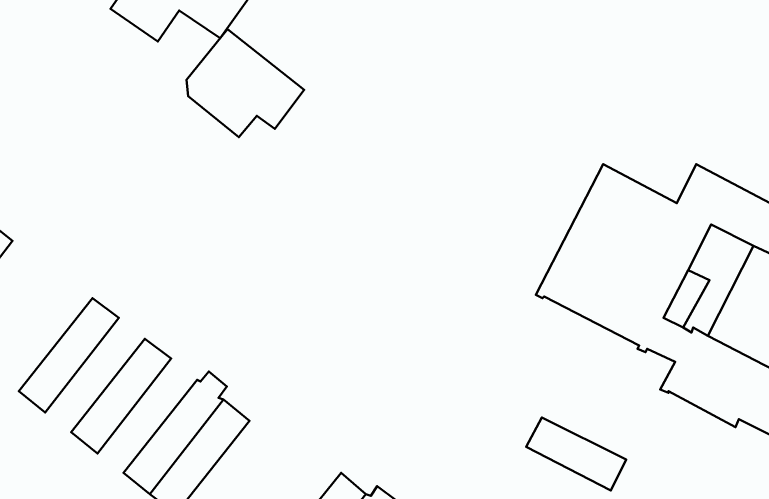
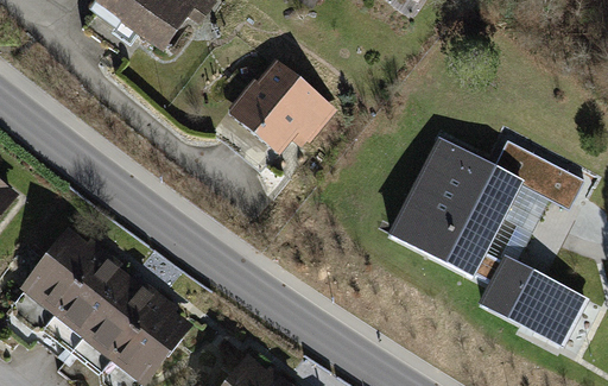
building: [187,29,304,137] -> [245,63,330,141]
building: none -> [34,245,110,333]
building: none -> [72,279,145,362]
building: [526,417,626,490] -> none

